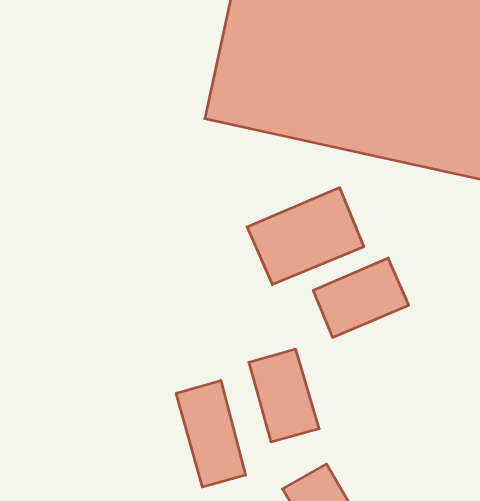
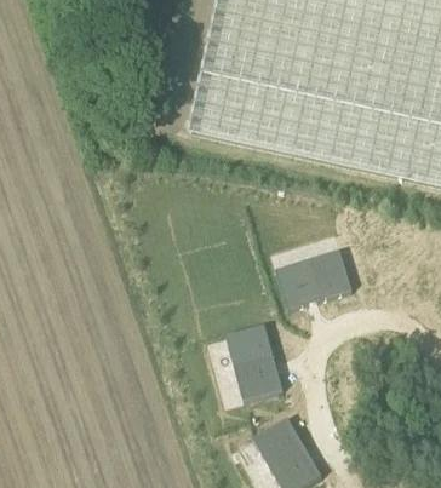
building: [247,188,364,285] -> none
building: [176,380,246,487] -> none

